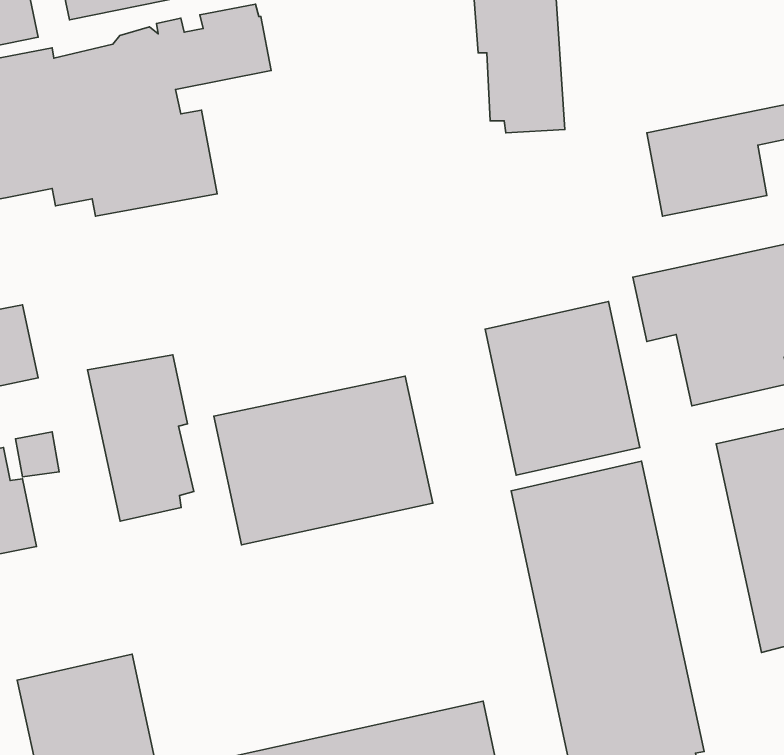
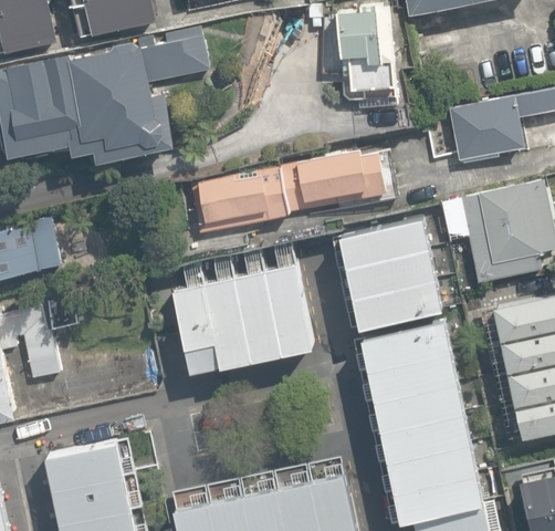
building: none -> [189,149,397,232]
building: [88,355,194,521] -> none

